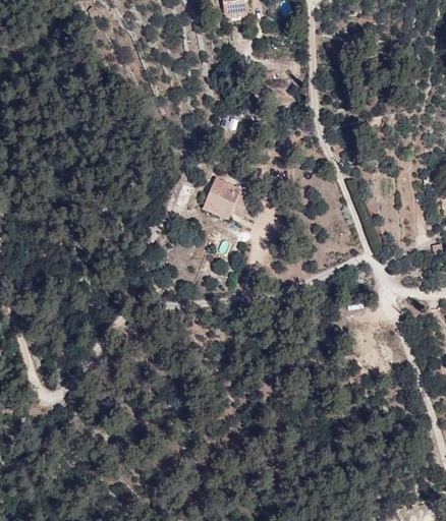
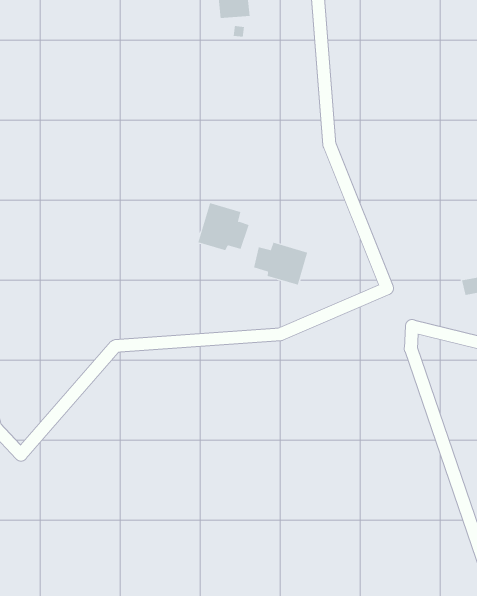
building: none -> [253,242,308,286]

